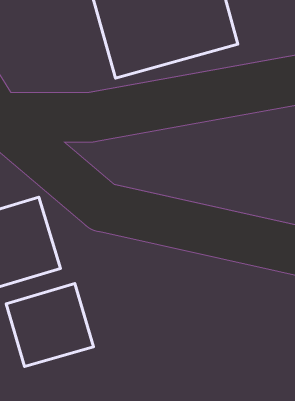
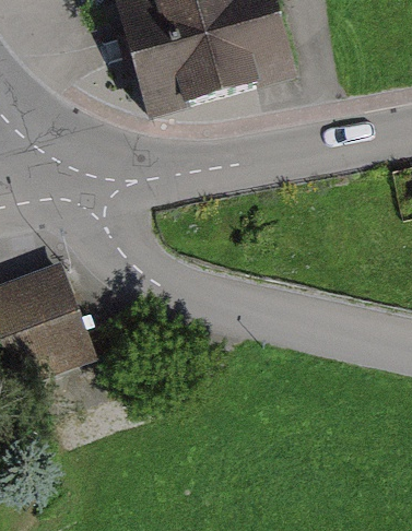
building: [6,283,93,366] -> none

